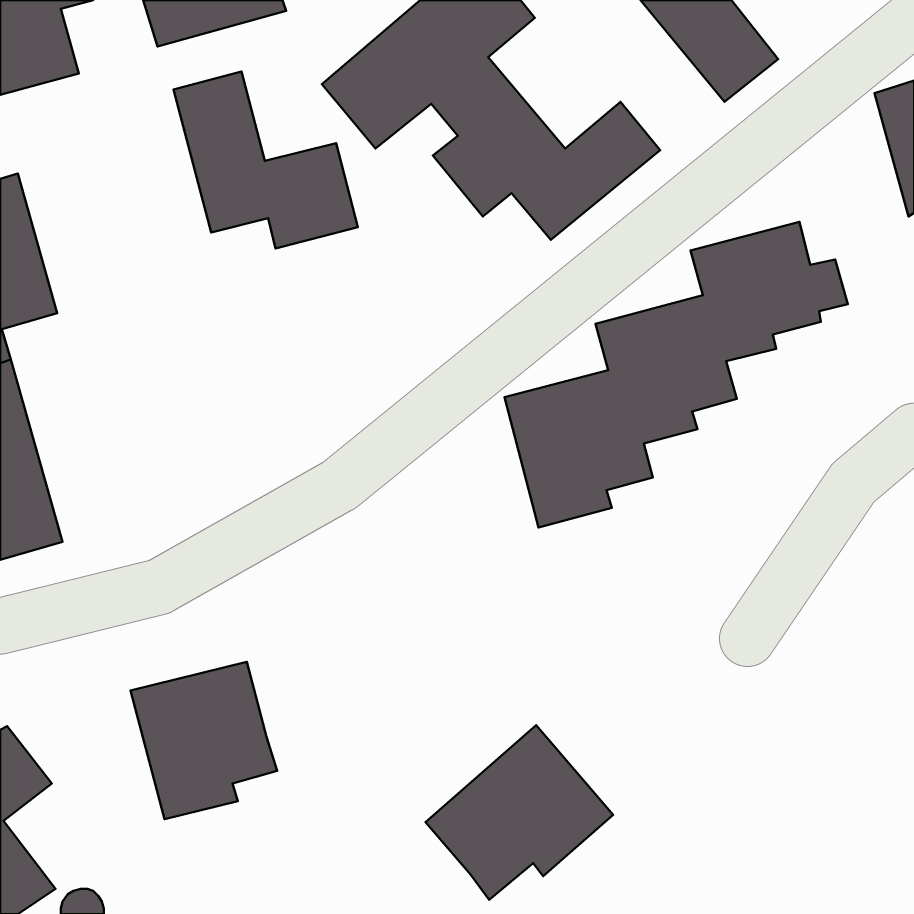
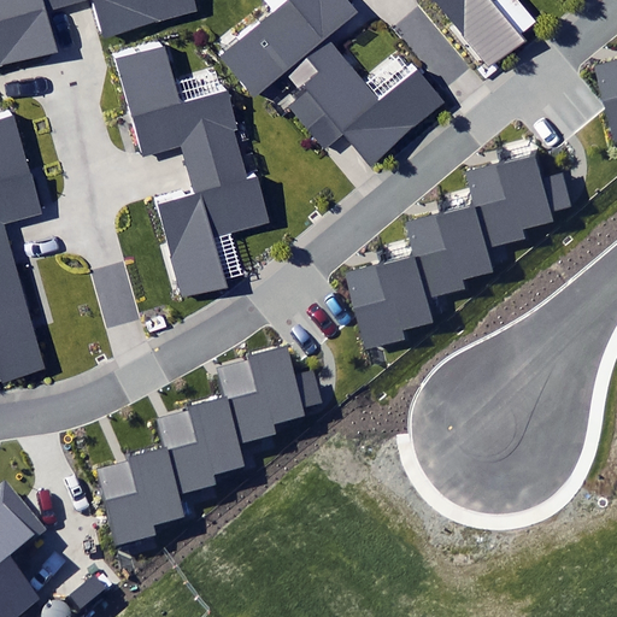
building: none -> [152,153,269,301]
building: none -> [158,346,319,496]
building: [425,725,613,900] -> none

